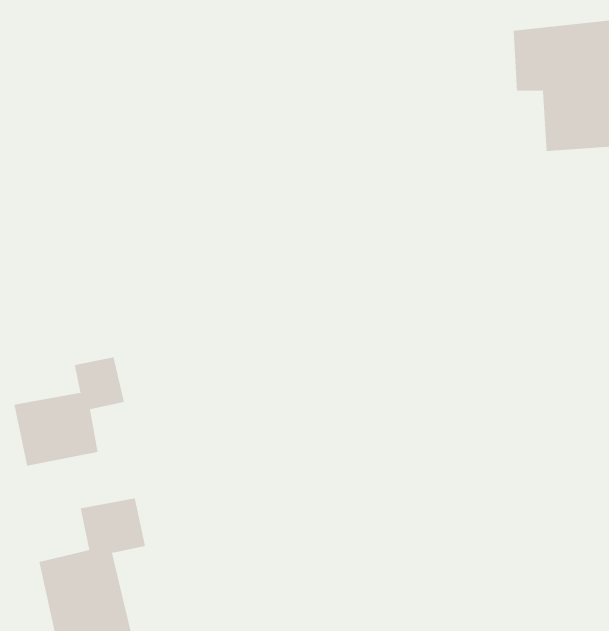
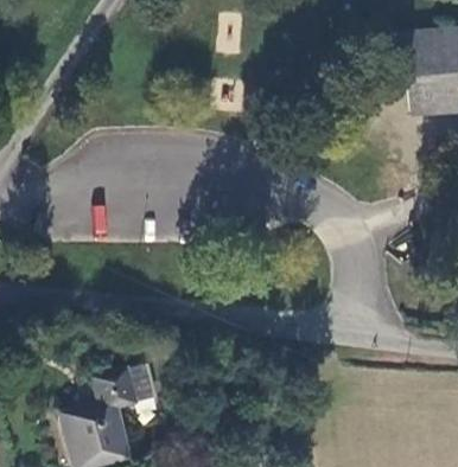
building: [14,357,125,466] -> none

